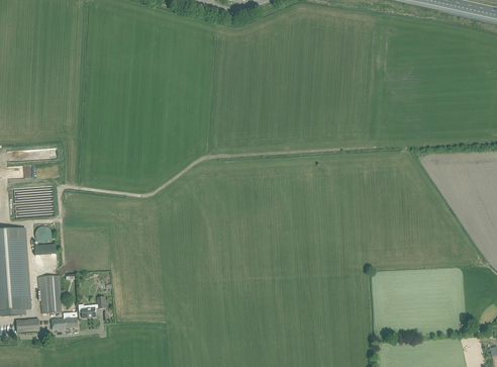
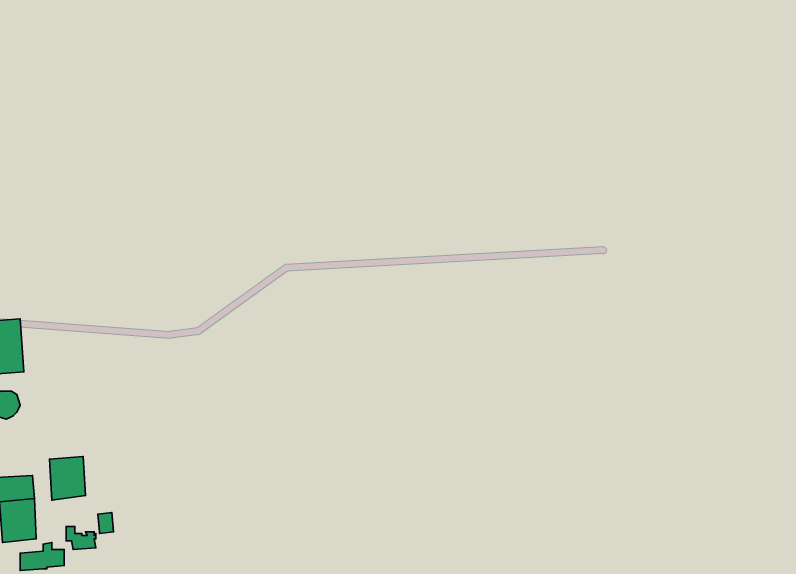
building: none -> [49,457,86,500]

